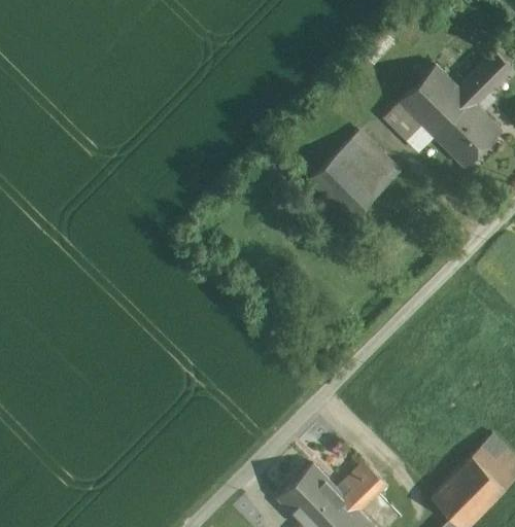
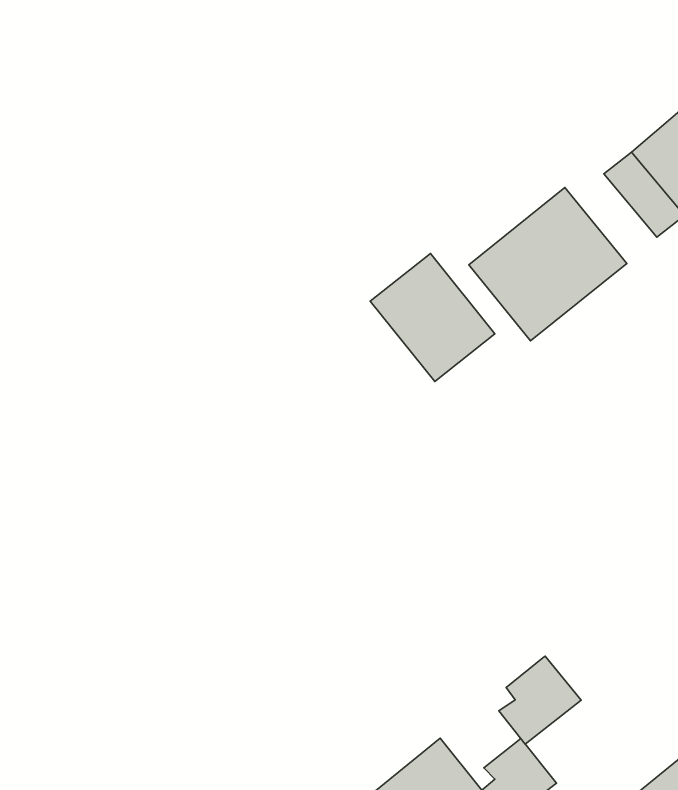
building: none -> [370,254,495,381]
building: none -> [499,656,581,744]

